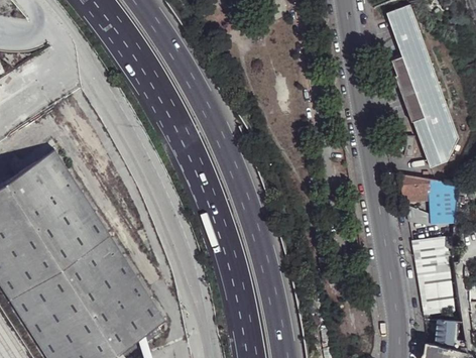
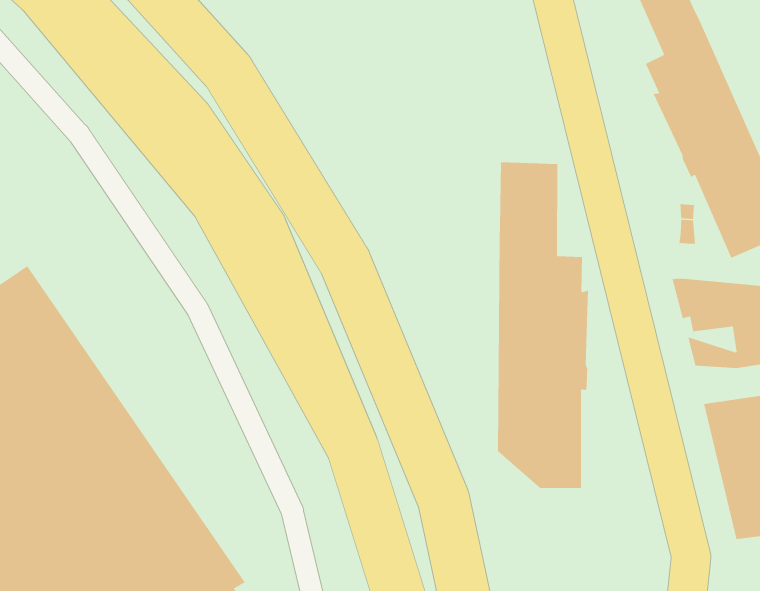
building: none -> [497,162,589,489]

